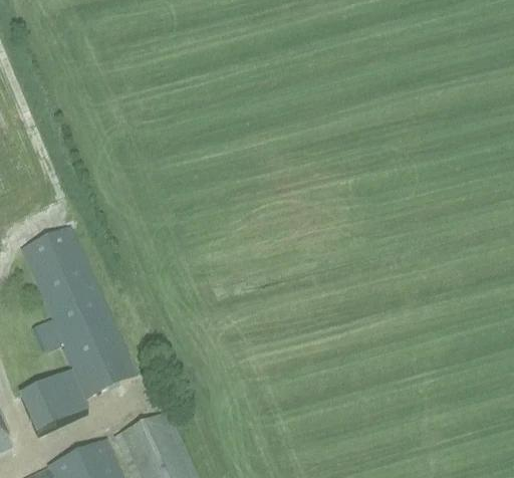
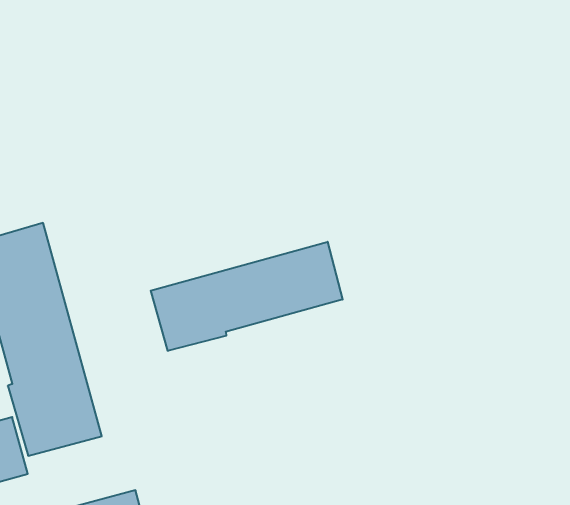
building: none -> [151,242,343,351]

